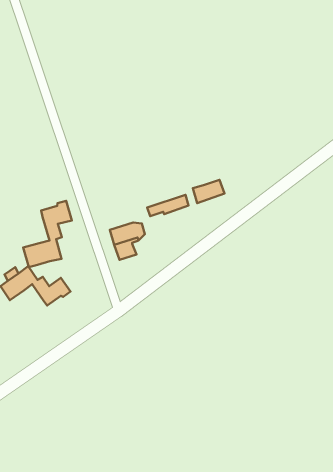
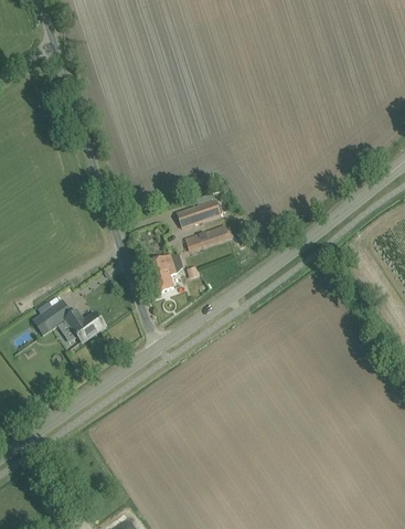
building: [193,180,225,203] -> [188,200,221,224]
building: [23,201,72,267] -> none

